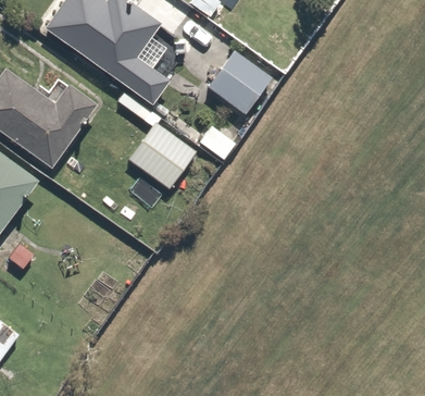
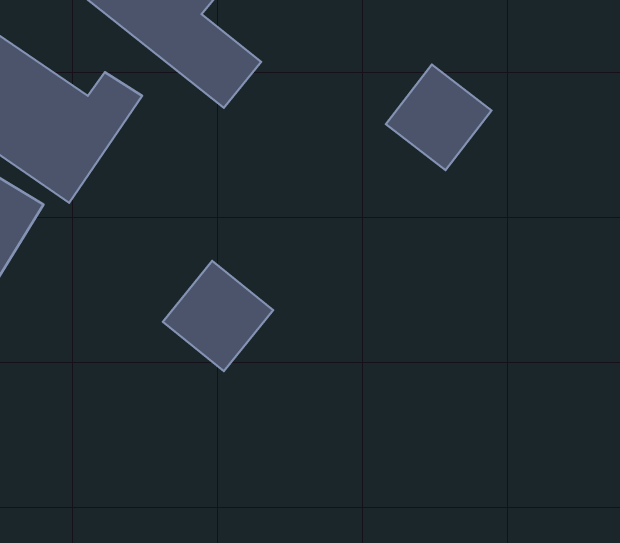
building: [205,49,273,116] -> [386,65,491,170]
building: [127,121,198,191] -> [163,261,273,371]

